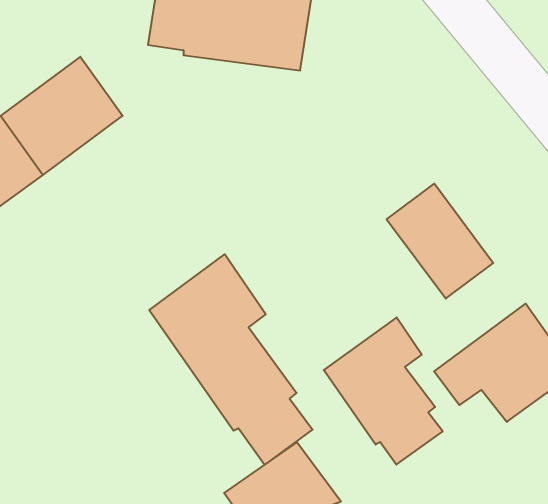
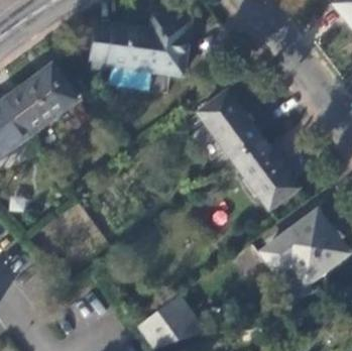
building: none -> [200,94,262,162]
building: [149,254,313,465] -> none
building: [324,317,443,465] -> none

